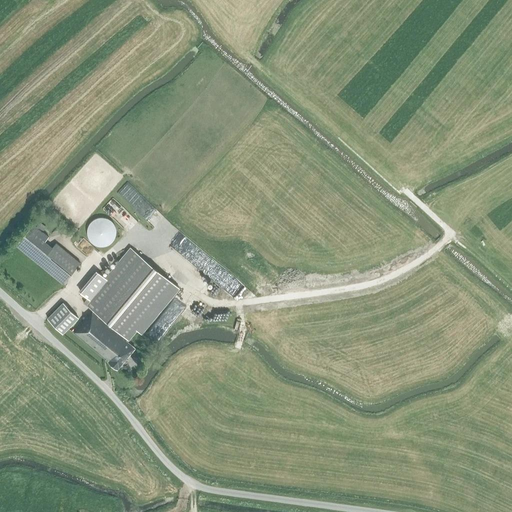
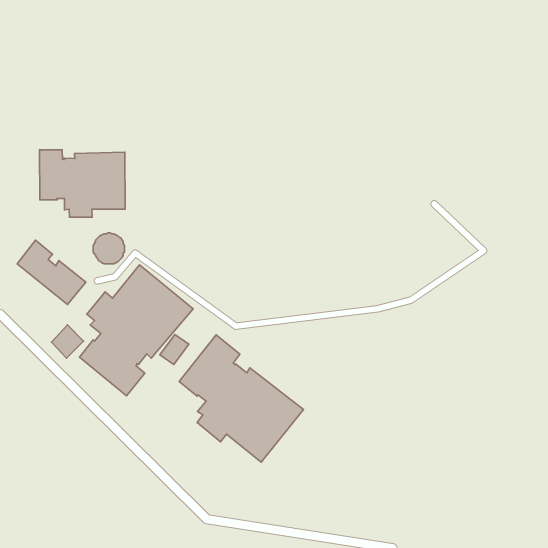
building: none -> [40,150,125,217]
building: none -> [179,335,304,462]

